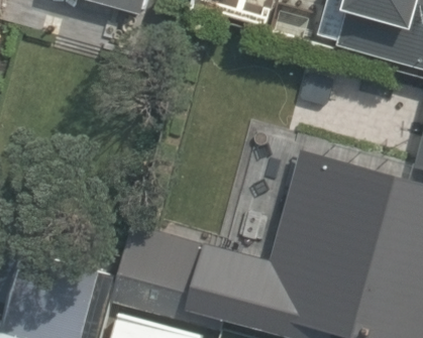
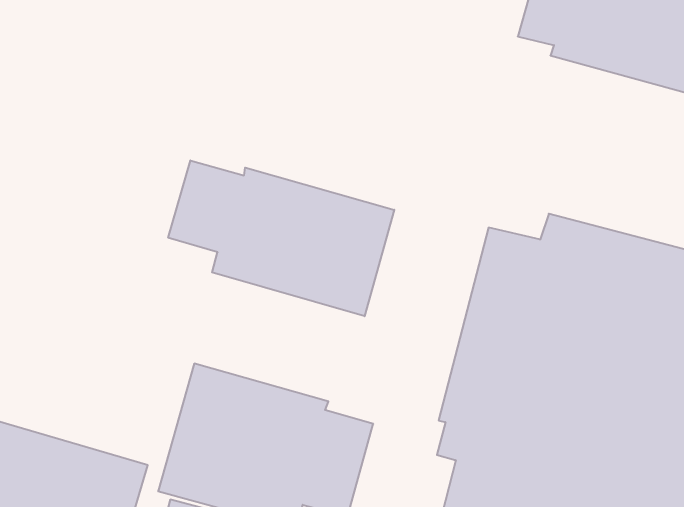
building: none -> [168,160,394,316]

